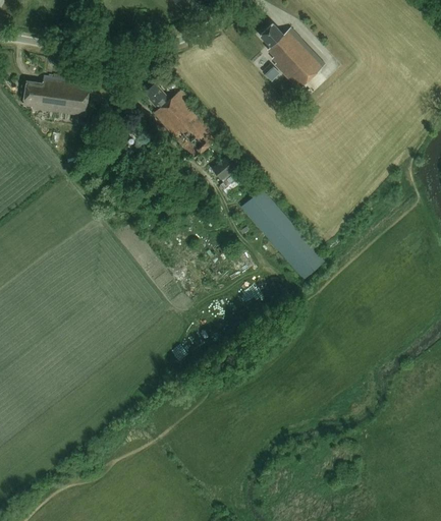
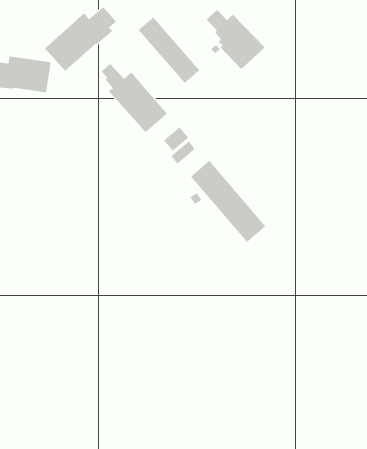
building: none -> [44,6,117,72]
building: none -> [138,17,200,84]

